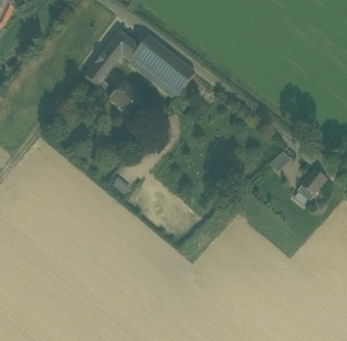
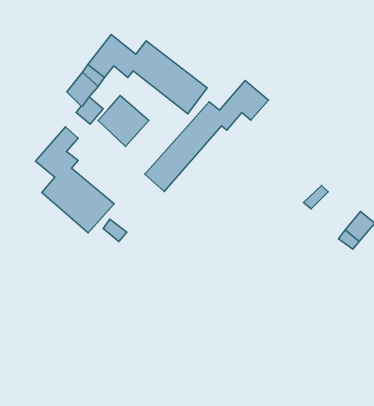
building: none -> [145,81,268,192]
building: none -> [36,127,114,233]

